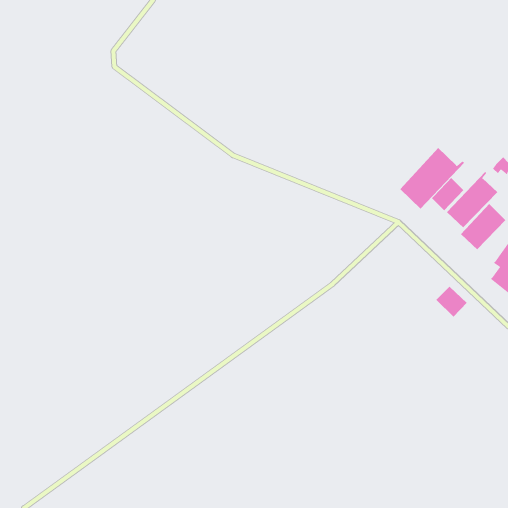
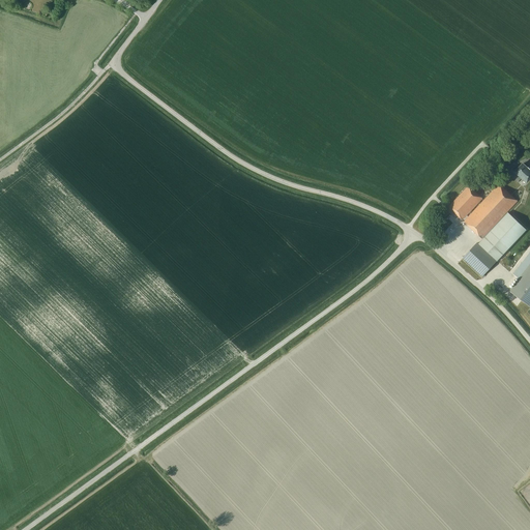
building: [399,147,465,210] -> none
building: [436,286,468,318] -> [464,242,497,275]

